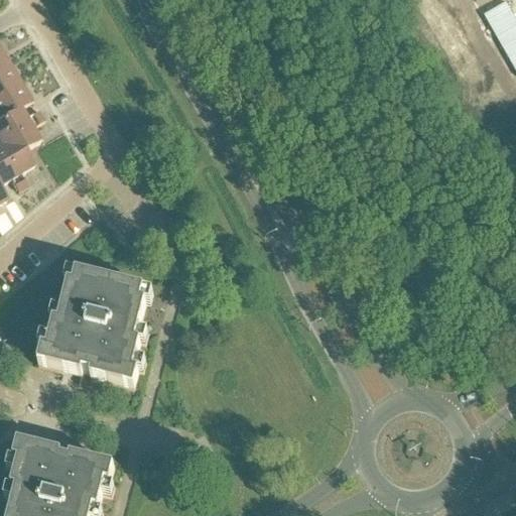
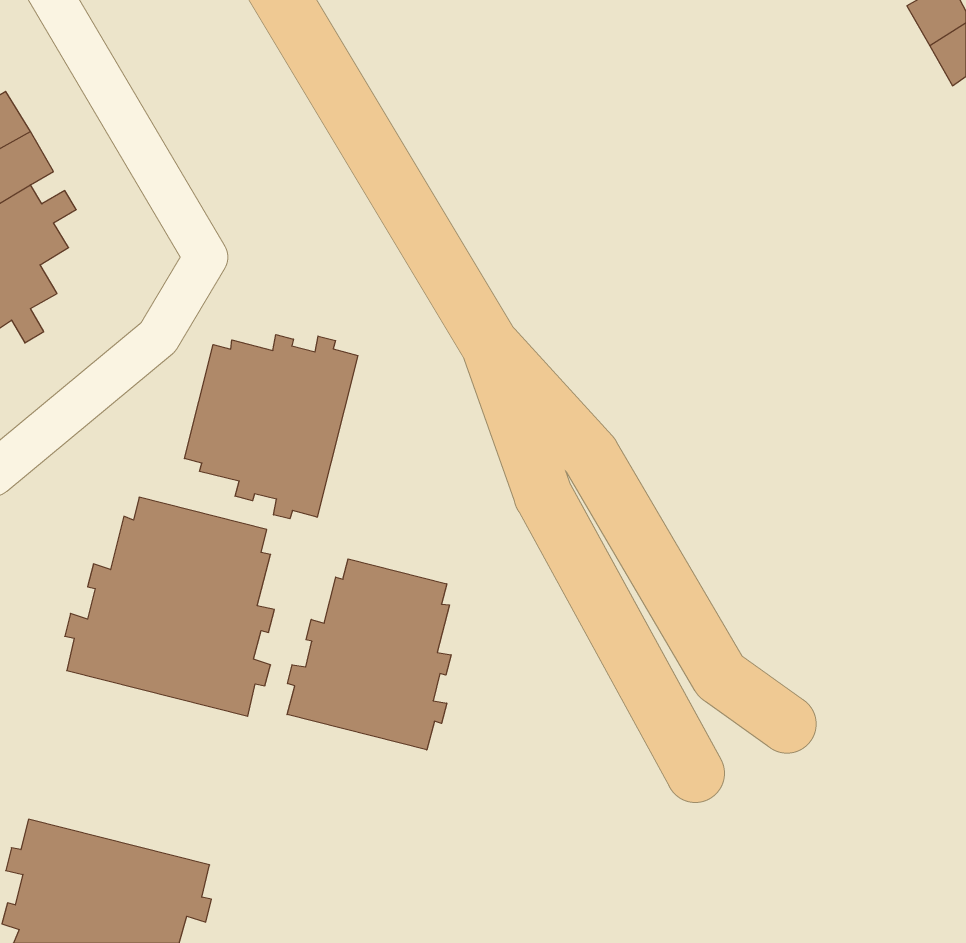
building: none -> [184,335,358,519]
building: none -> [287,559,451,750]

